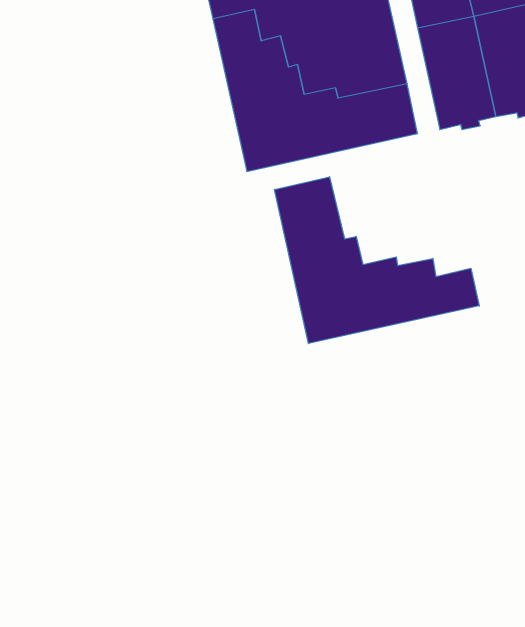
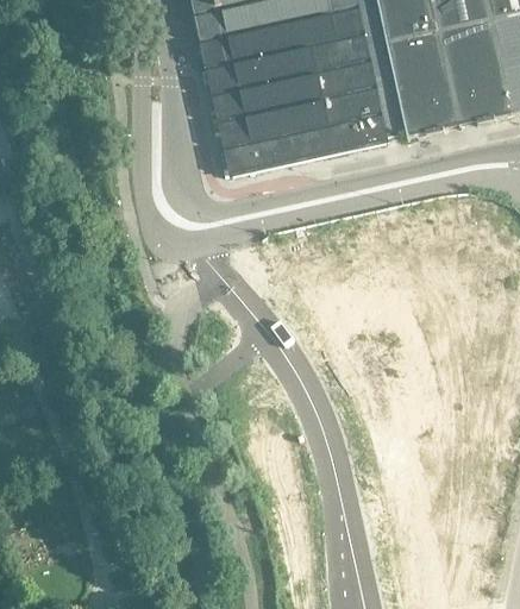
building: [274,177,479,344] -> none

